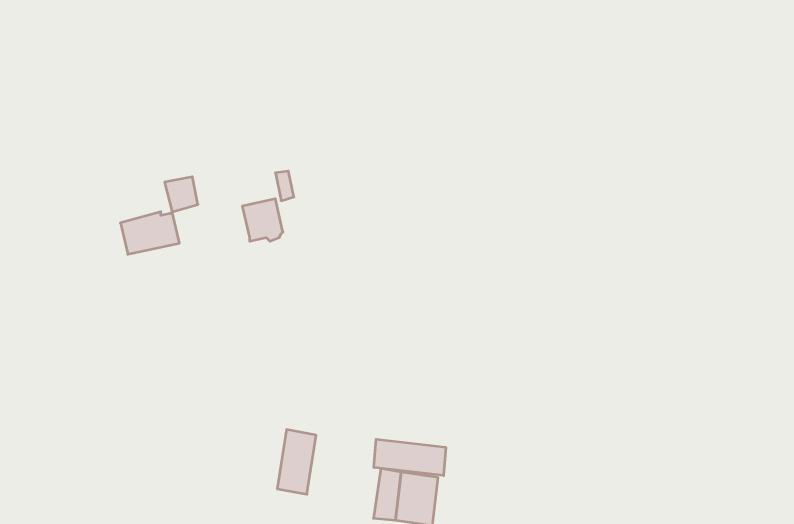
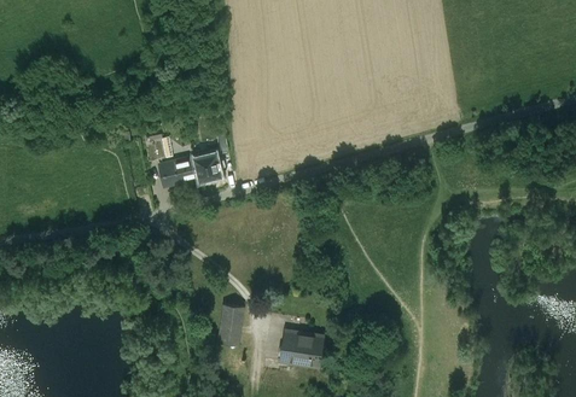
building: [120,212,179,254] -> [161,157,199,185]
building: [374,439,446,476] -> none

